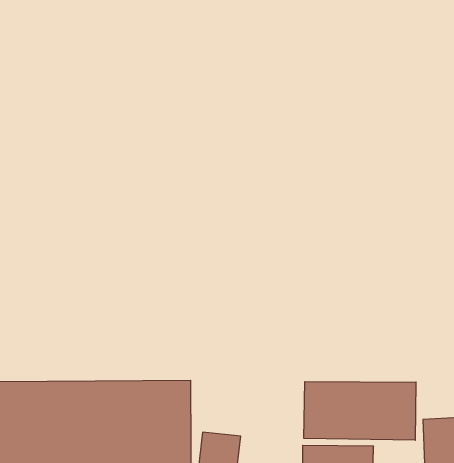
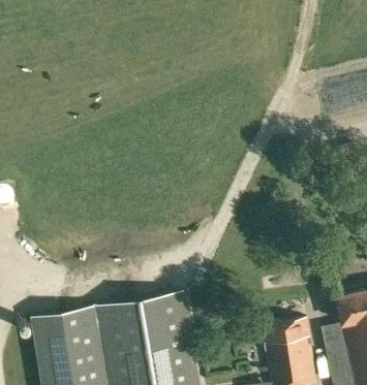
building: [304,382,416,440] -> none

